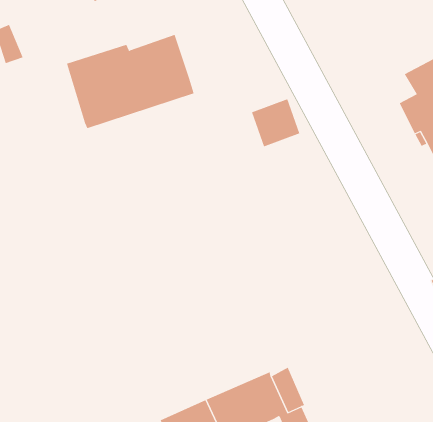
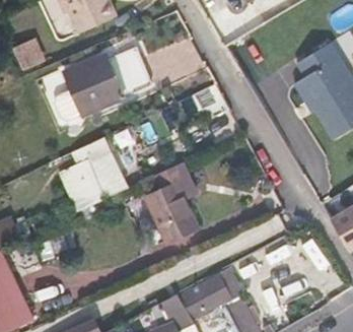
building: none -> [63,152,126,207]
building: none -> [147,169,200,243]

